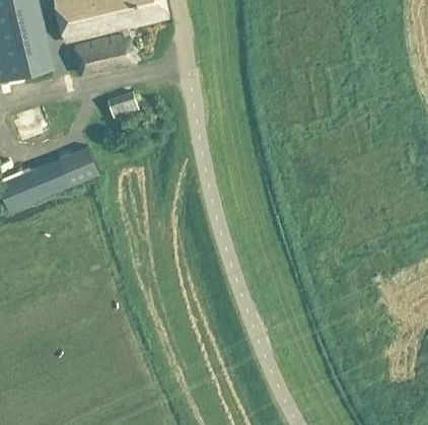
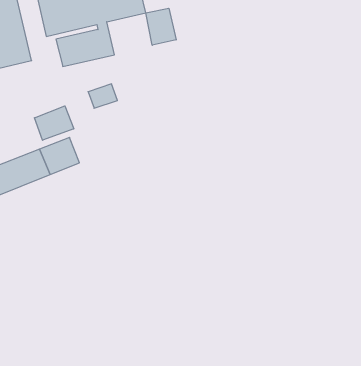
building: none -> [146,8,176,45]
building: none -> [34,106,74,140]

